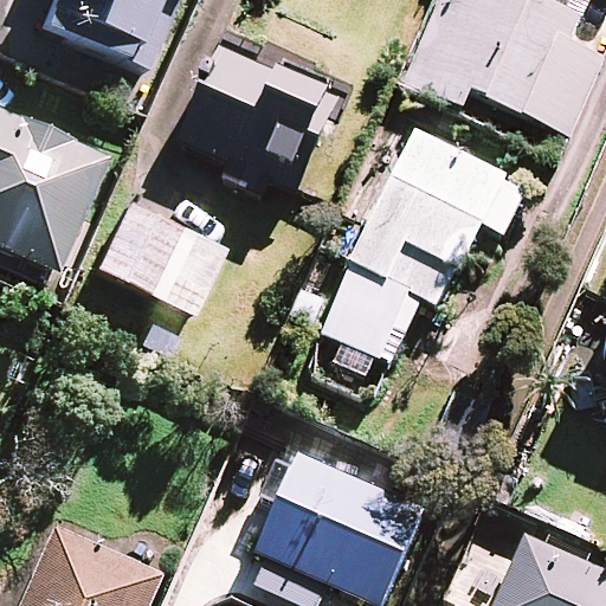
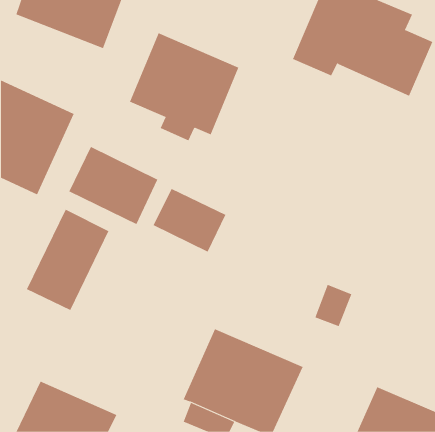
building: [322,136,526,363] -> none
building: none -> [153,188,226,252]
building: none -> [26,209,109,311]

